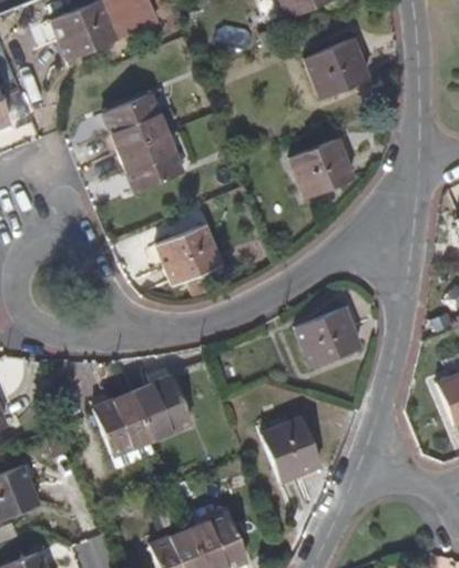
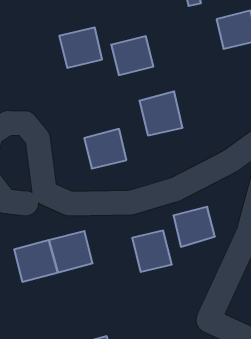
building: [119,133,181,192] -> [111,36,153,75]
building: [299,136,364,202] -> [139,91,183,135]
building: [257,413,317,474] -> [132,231,172,272]

